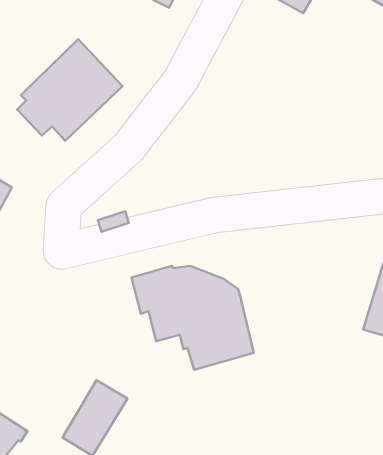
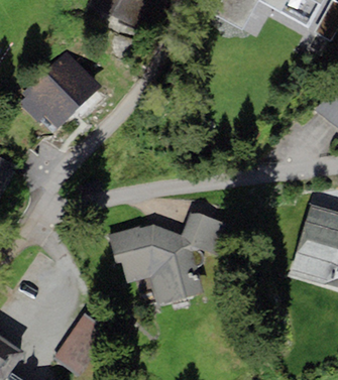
building: none -> [181,212,230,254]

